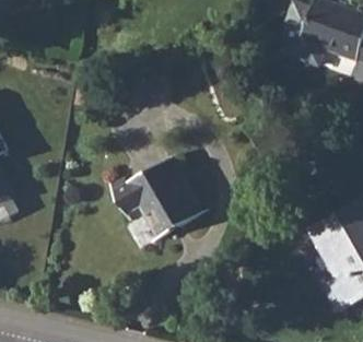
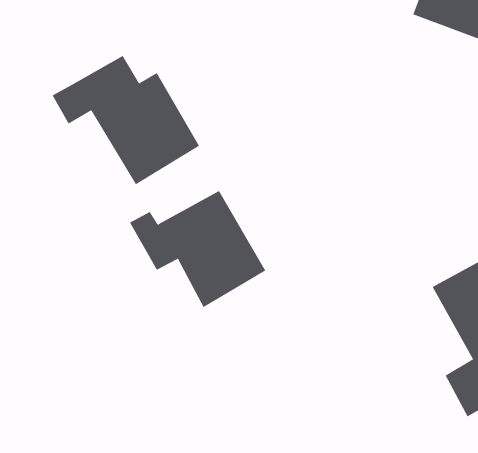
building: none -> [52,55,200,185]

